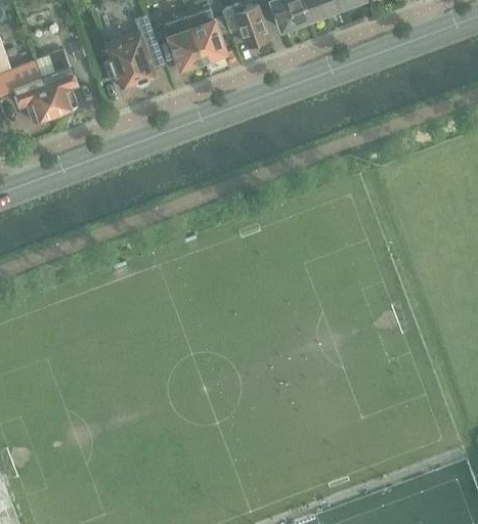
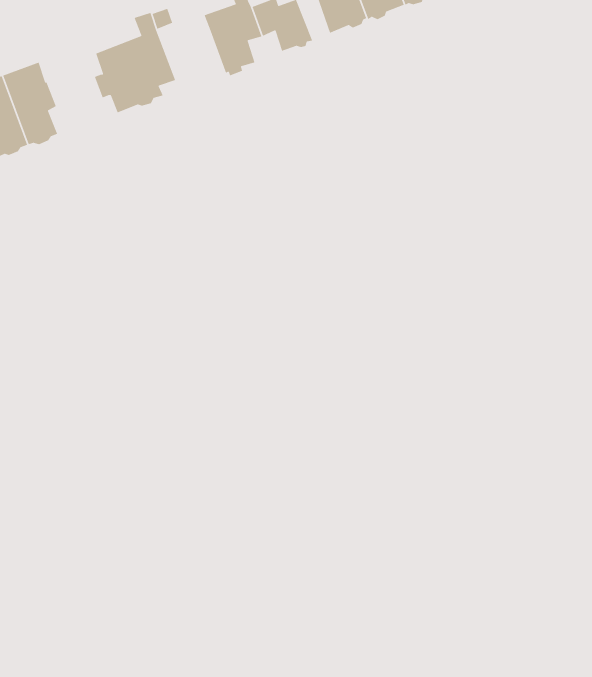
building: [162,15,201,68] -> none

